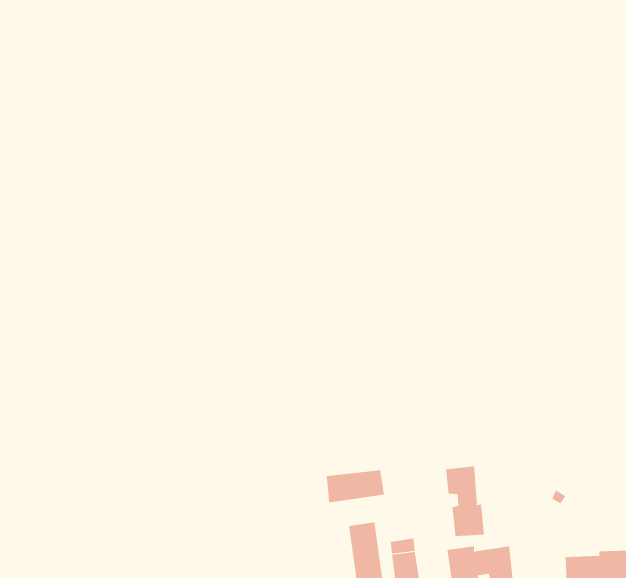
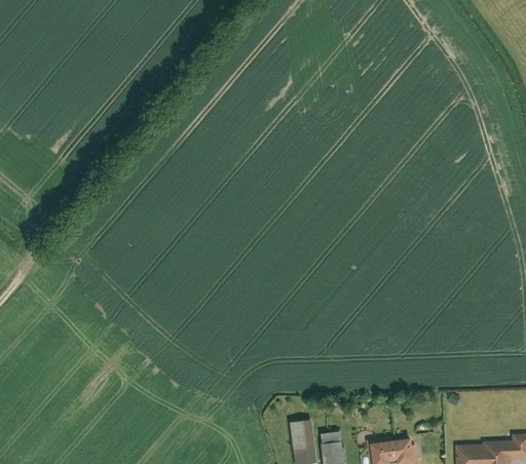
building: [445,466,484,537] -> none
building: [326,470,384,503] -> none

